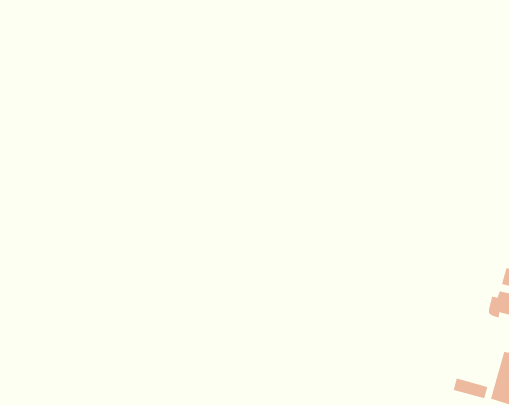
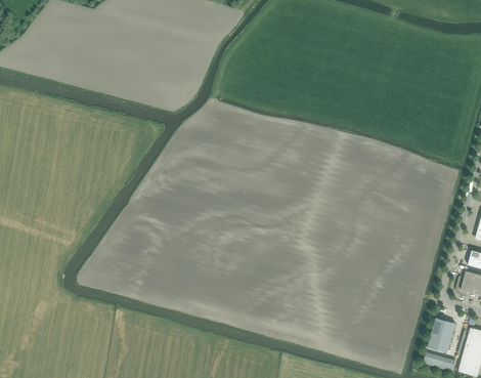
building: none -> [428,317,456,352]

